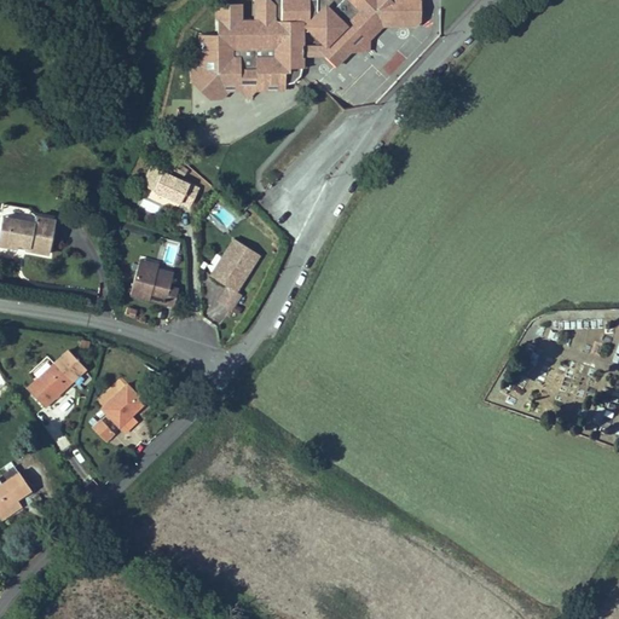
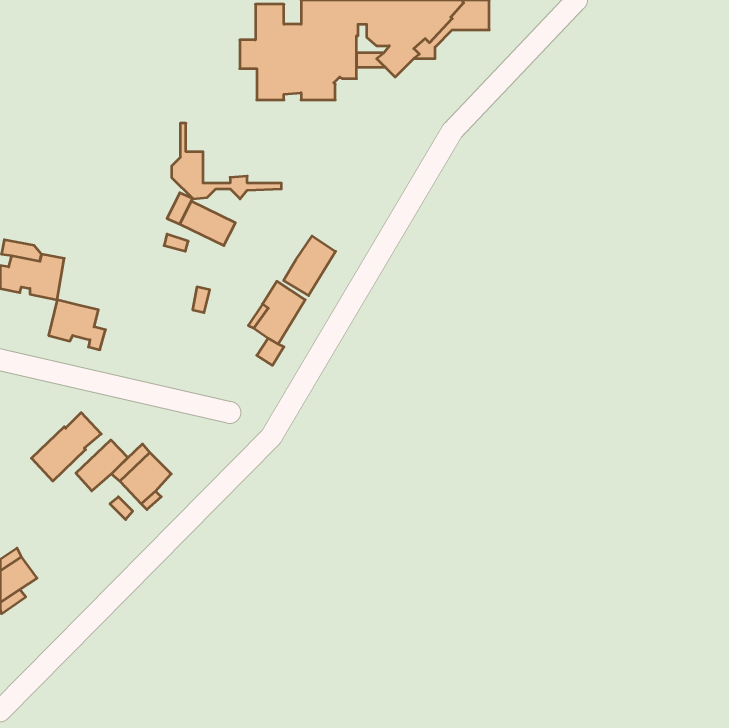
building: [191,35,284,99] -> [172,123,281,199]
building: none -> [284,236,336,296]
building: [131,265,179,307] -> [49,300,106,350]
building: none -> [76,440,128,491]

